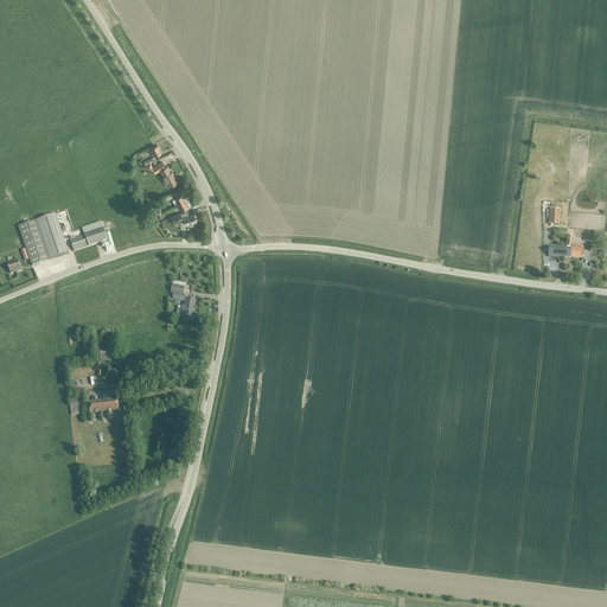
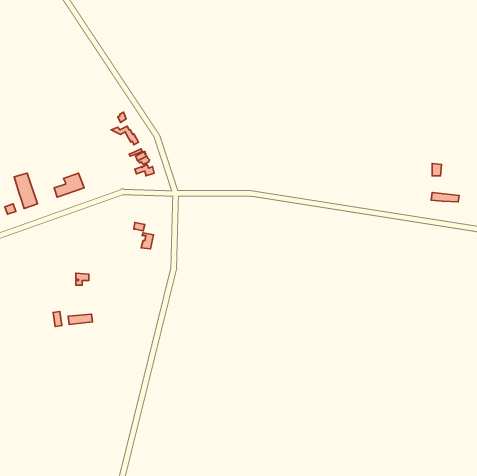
building: [34,212,68,258] -> none

